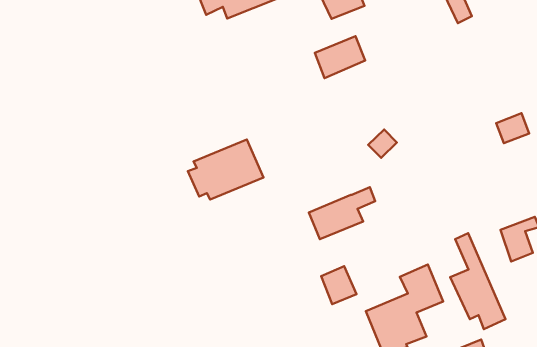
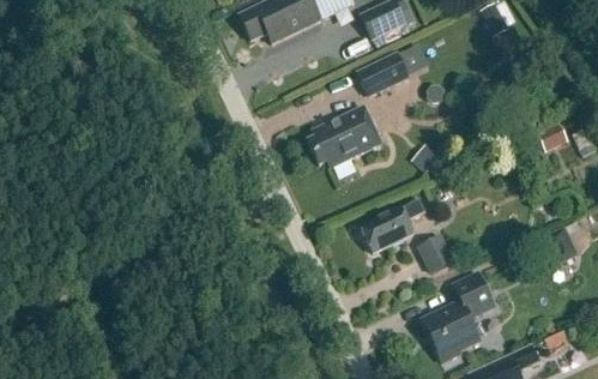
building: [188,139,263,200] -> [308,107,381,167]
building: [450,233,506,329] -> none
building: [321,266,356,304] -> [419,235,454,272]

